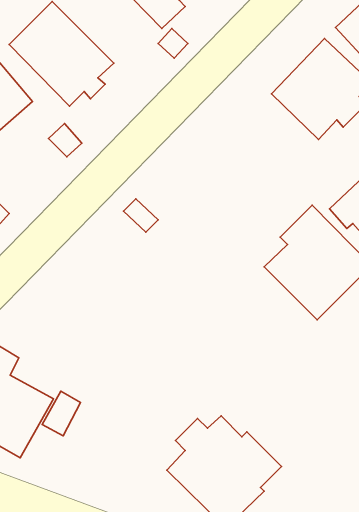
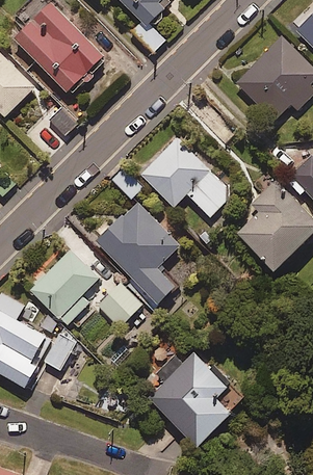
building: none -> [139,138,232,217]
building: none -> [96,203,179,306]
building: none -> [29,249,98,326]
building: none -> [96,281,139,324]

